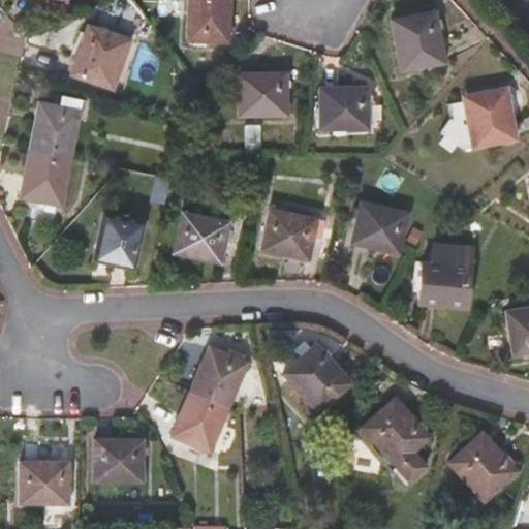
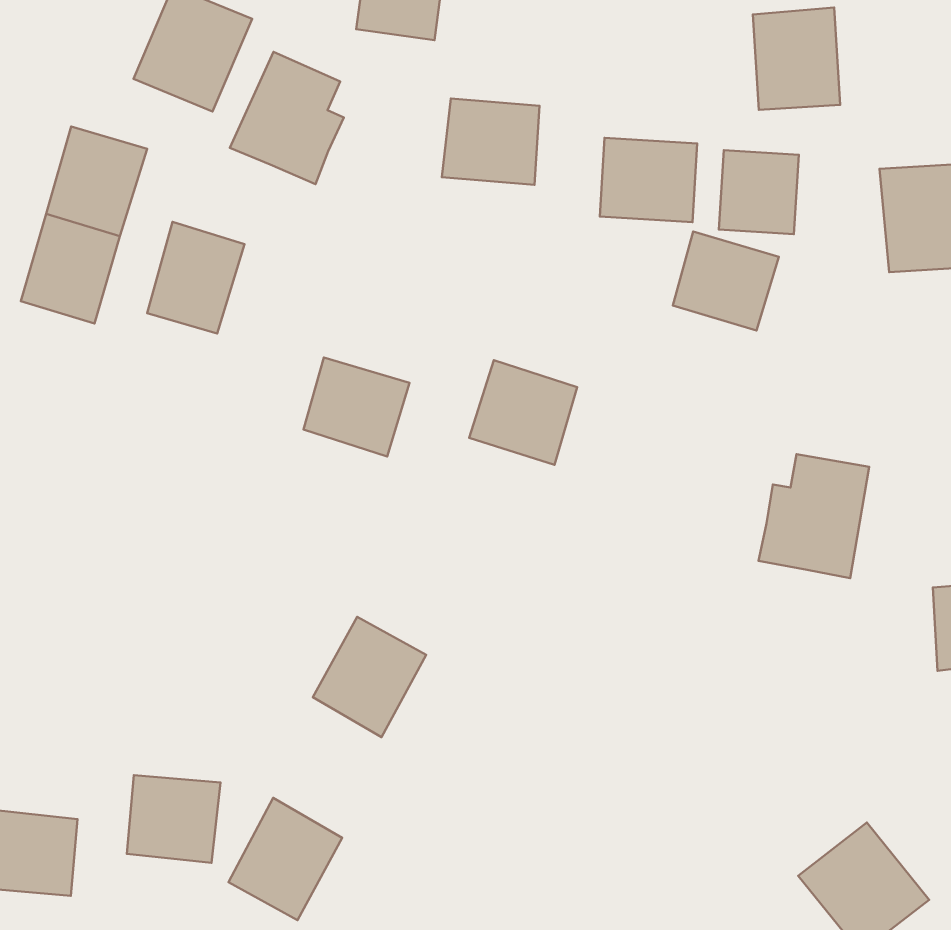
building: none -> [230,52,344,184]
building: none -> [719,150,799,234]
building: [353,205,407,254] -> [673,232,779,330]
building: [96,212,145,269] -> [147,222,244,333]
building: [284,342,351,413] -> none
building: [166,390,224,453] -> [229,798,342,920]
building: [365,401,430,481] -> none

